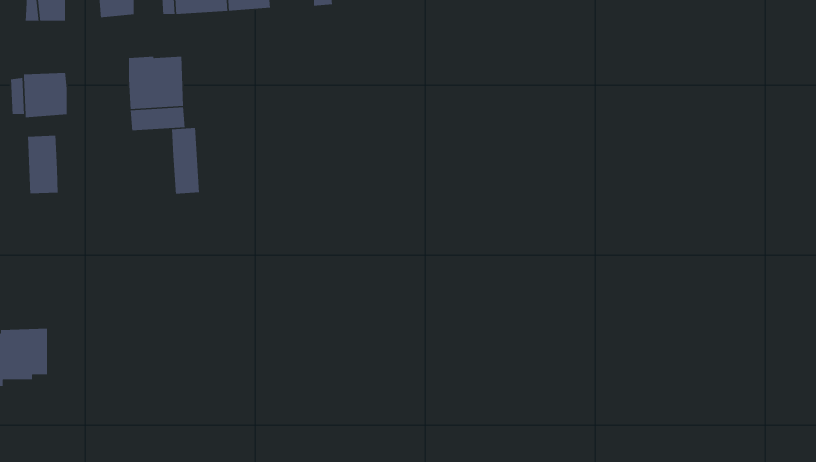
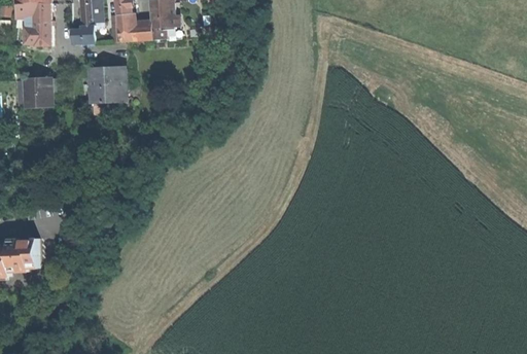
building: [171,127,200,194] -> none
building: [27,135,58,194] -> none

